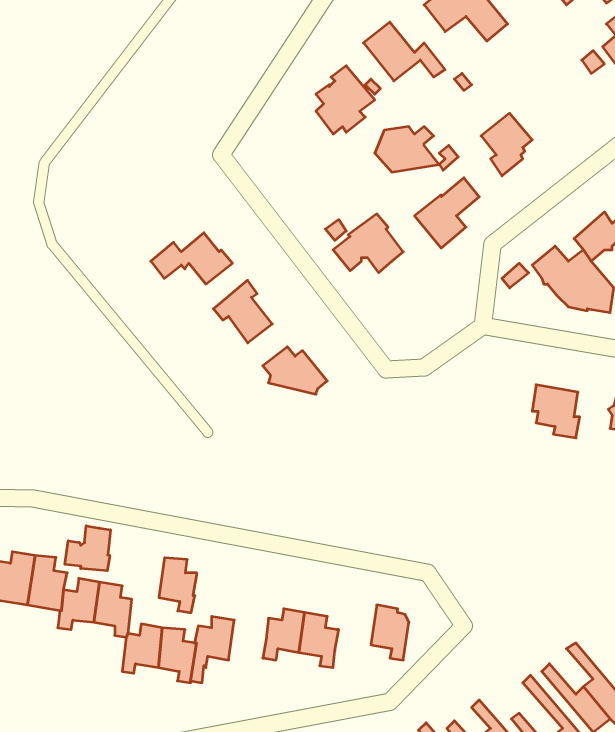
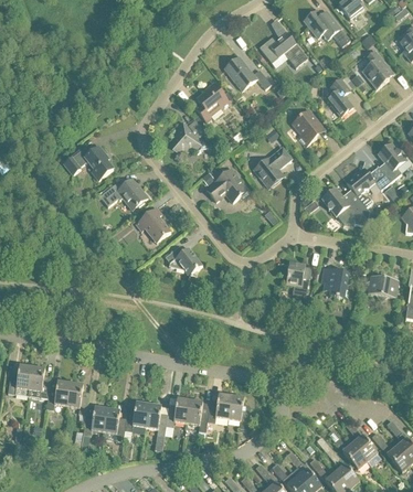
building: none -> [326,78,352,116]
building: [375,127,439,172] -> [170,125,208,151]
building: none -> [63,146,113,179]
building: none -> [286,261,308,296]
building: [65,526,110,571] -> none
building: [159,558,197,613] -> [145,404,167,436]
building: none -> [206,393,231,423]

